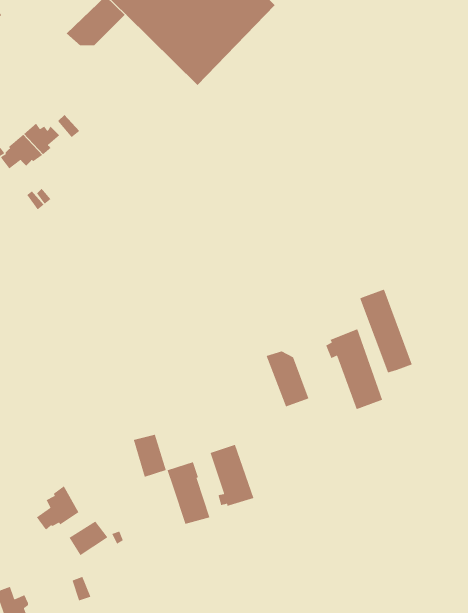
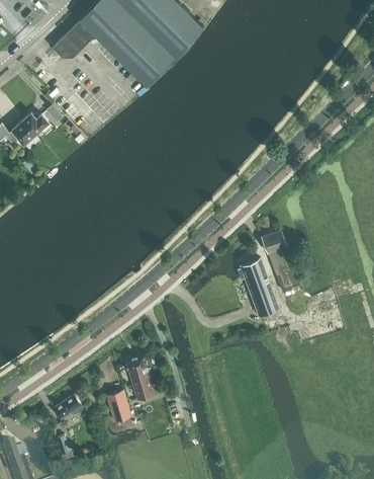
building: [265,350,309,408] -> none
building: [133,434,167,478] -> [107,391,131,422]
building: [209,444,255,507] -> none
building: [36,485,79,530] -> none

